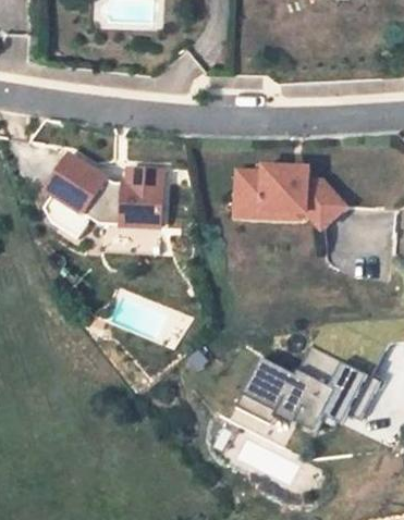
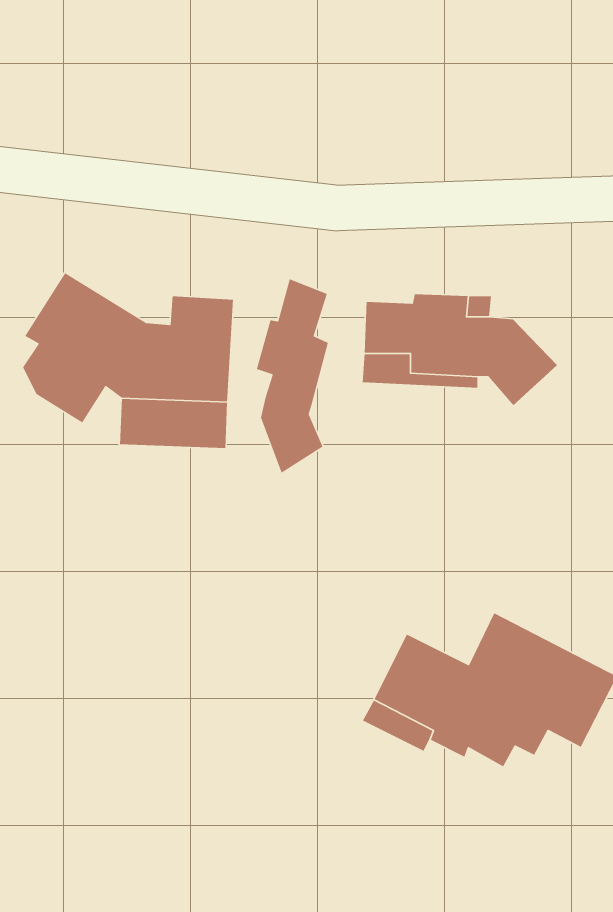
building: none -> [256,278,329,474]

